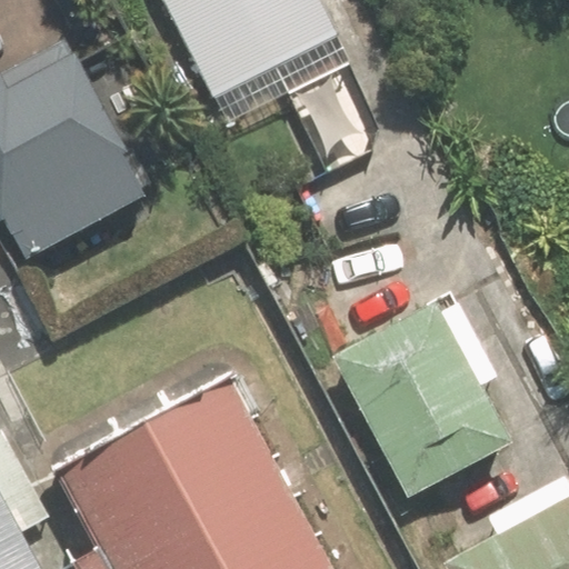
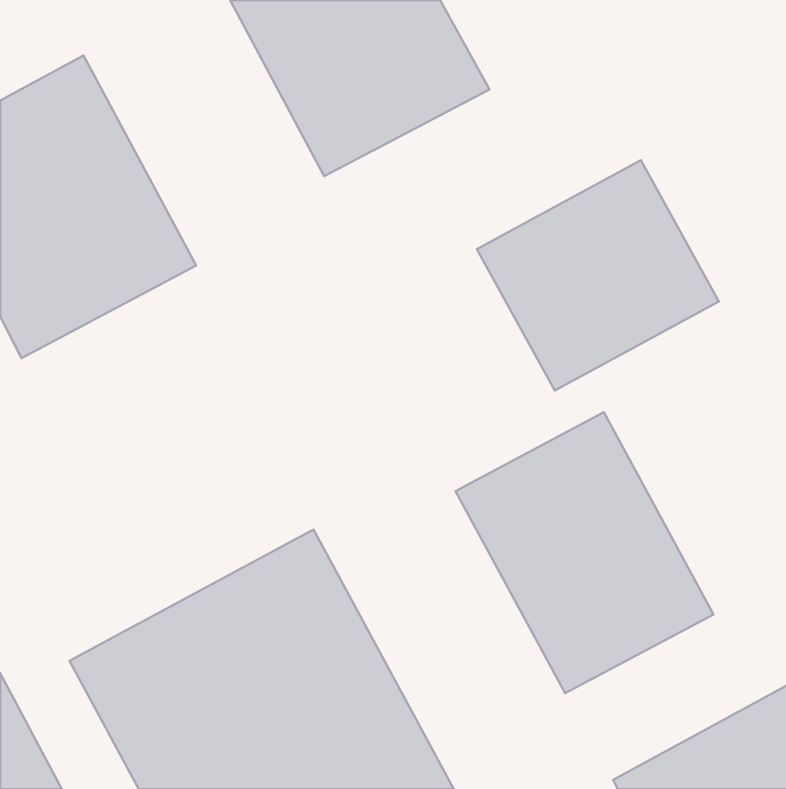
building: none -> [477,160,719,391]

